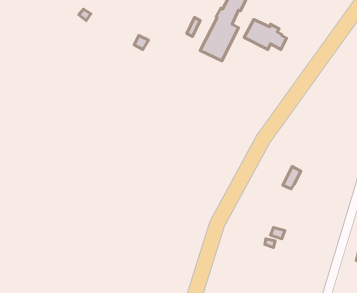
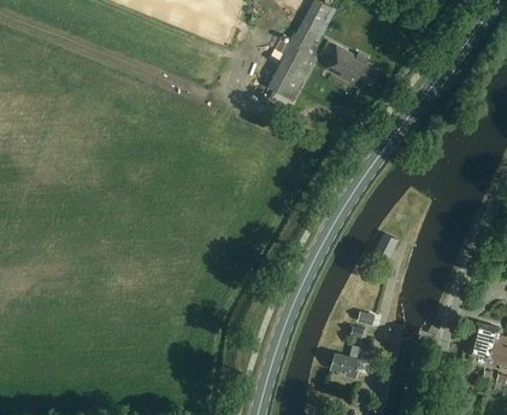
building: none -> [331,345,360,379]

